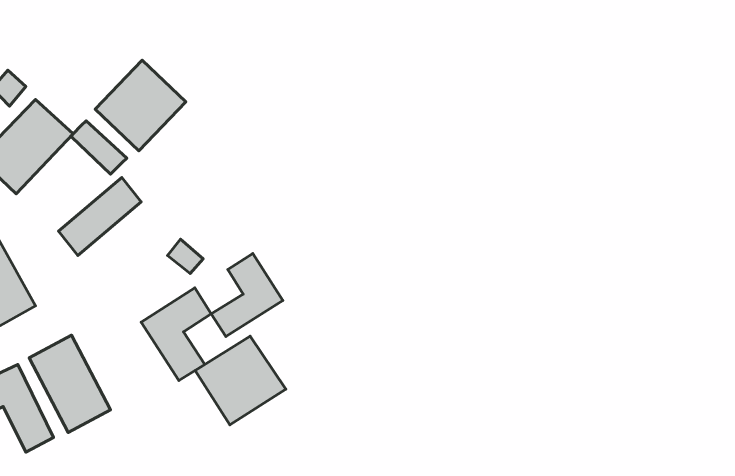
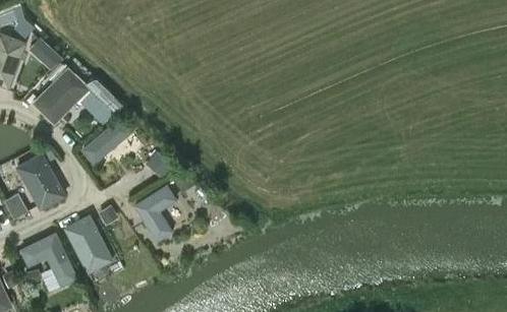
building: [95,60,186,151] -> none
building: [211,253,283,337] -> none
building: [195,336,286,425] -> none

